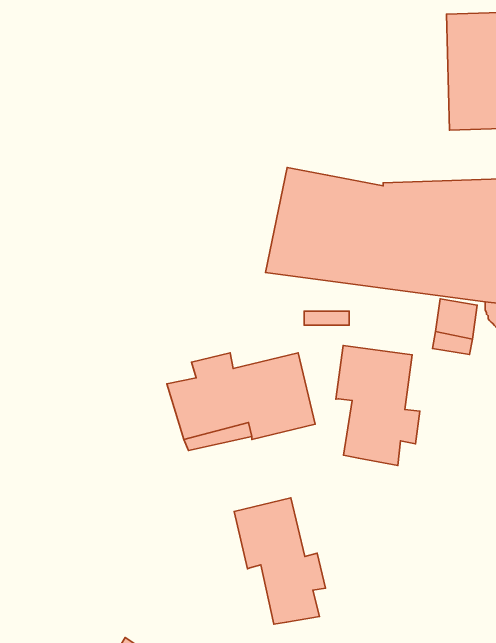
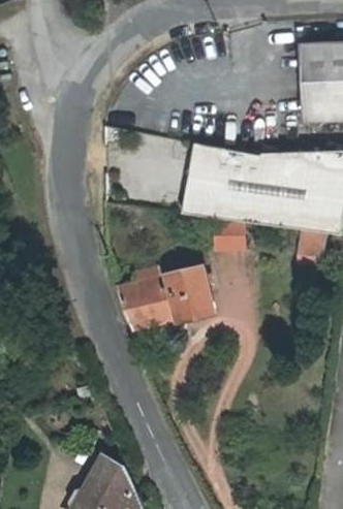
building: [336,346,420,466] -> none
building: [234,498,325,624] -> none

